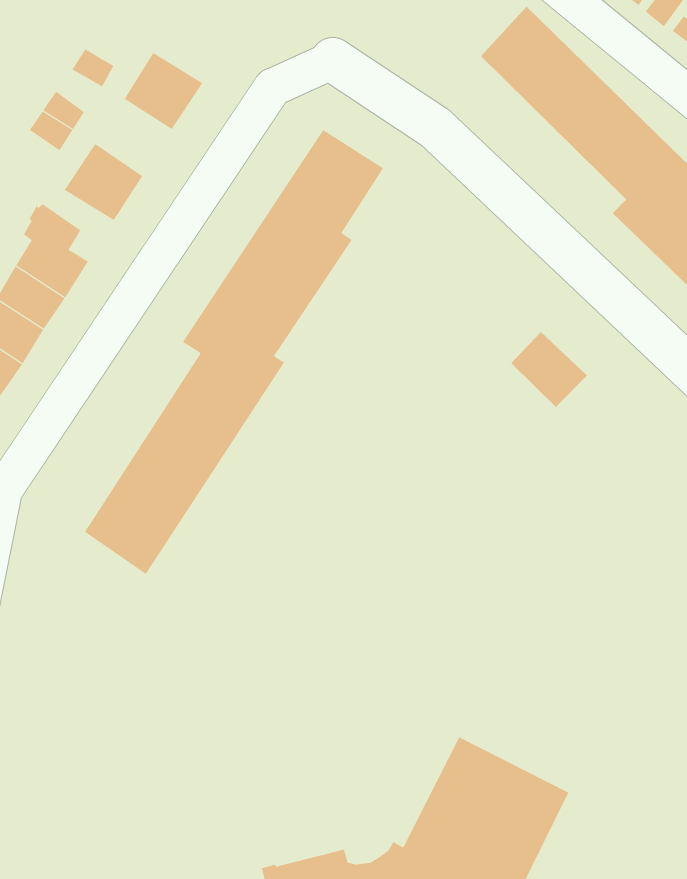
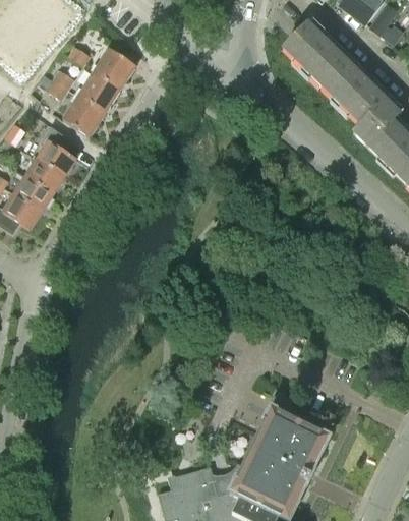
building: none -> [80,72,121,113]
building: [84,129,384,575] -> none
building: [511,331,588,408] -> none

